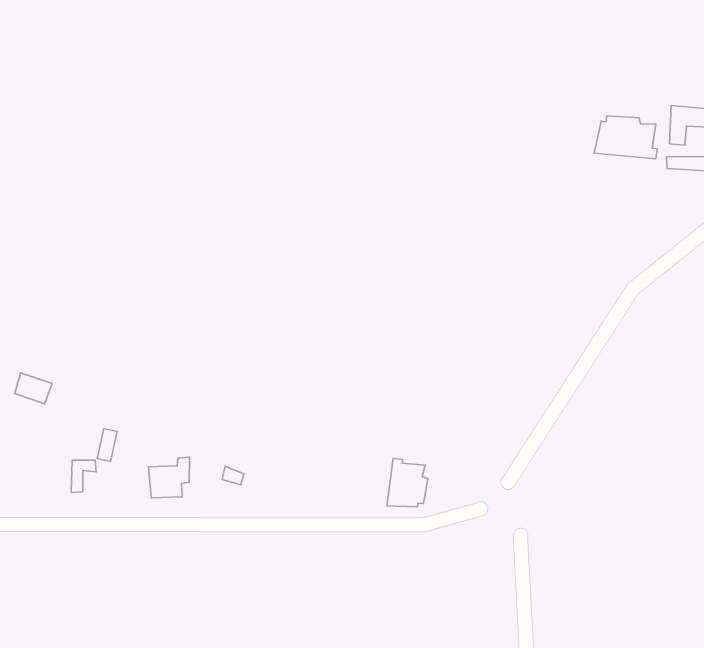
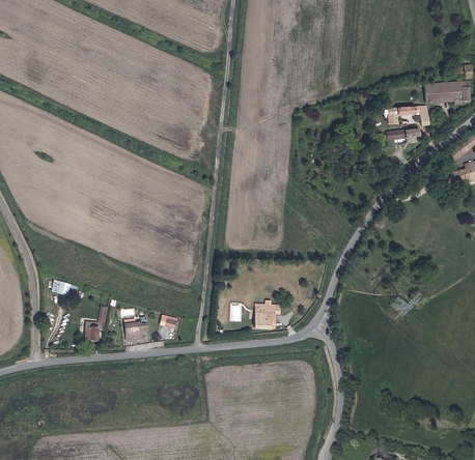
building: [594,116,657,159] -> none

